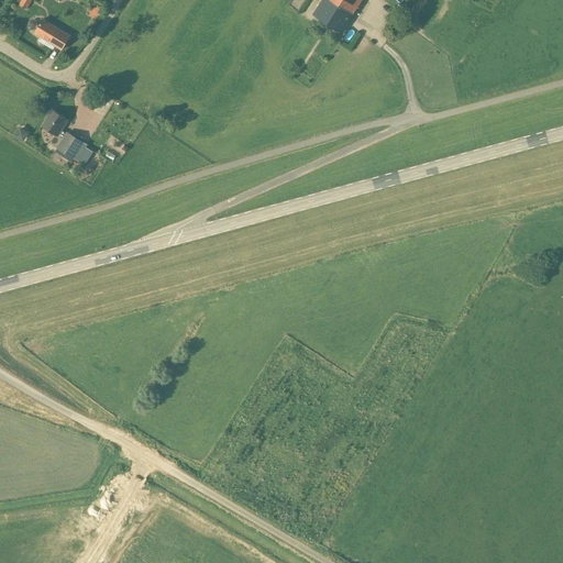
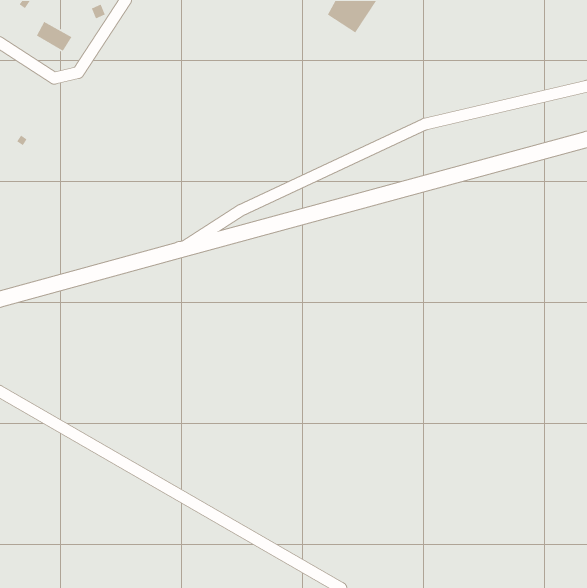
building: [42,111,84,159] -> none

